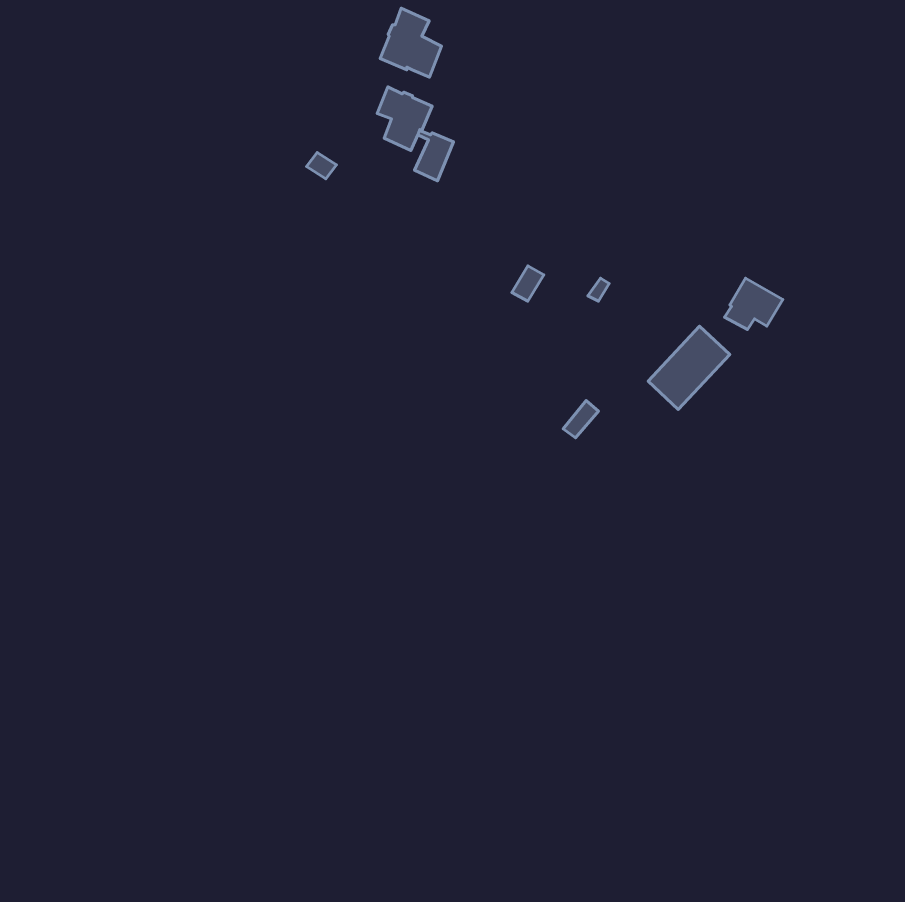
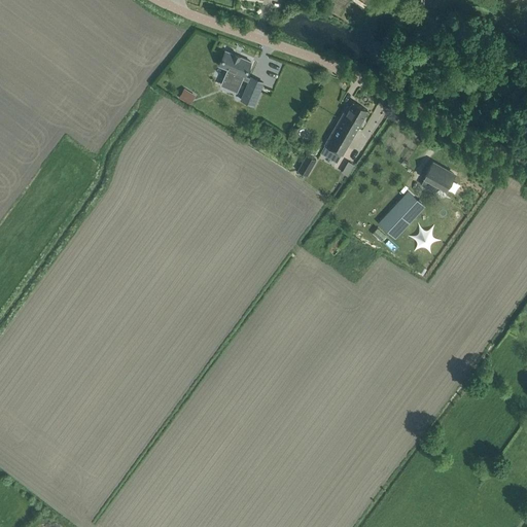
building: [380,8,442,77] -> none
building: none -> [320,104,367,164]

